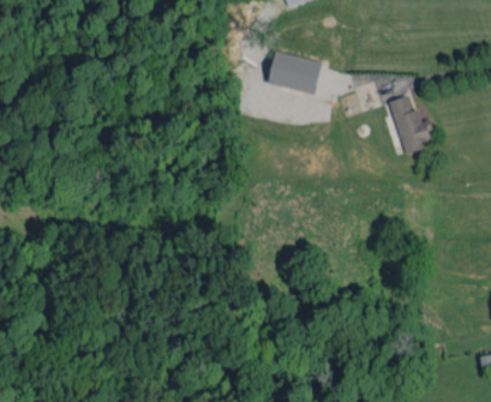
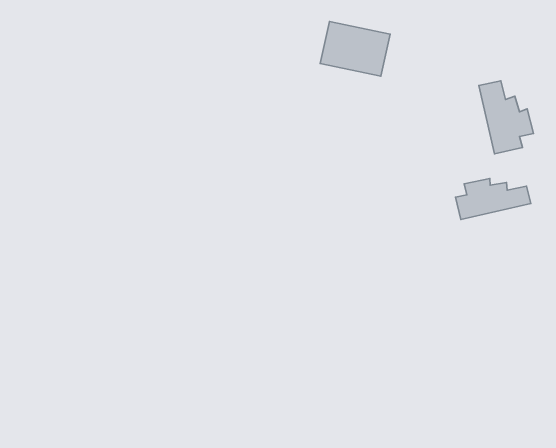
building: none -> [455,178,531,219]

